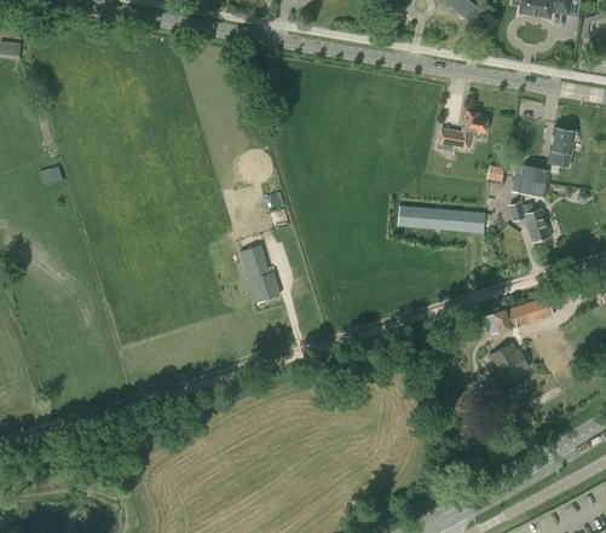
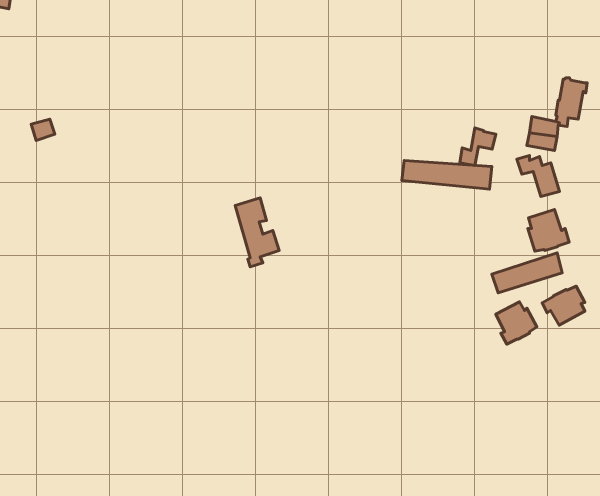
building: [454,111,489,147] -> [460,128,496,165]
building: none -> [528,210,569,251]
building: none -> [542,286,585,325]

